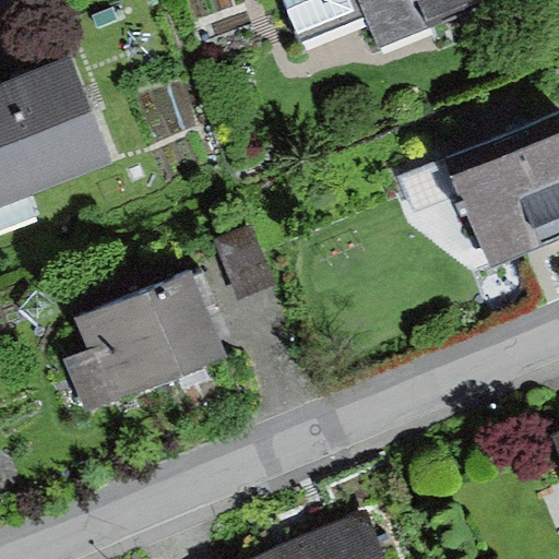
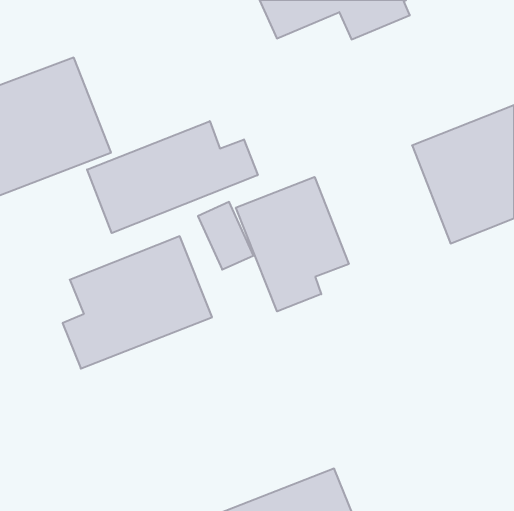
building: none -> [87,121,258,233]
building: none -> [236,177,349,311]

